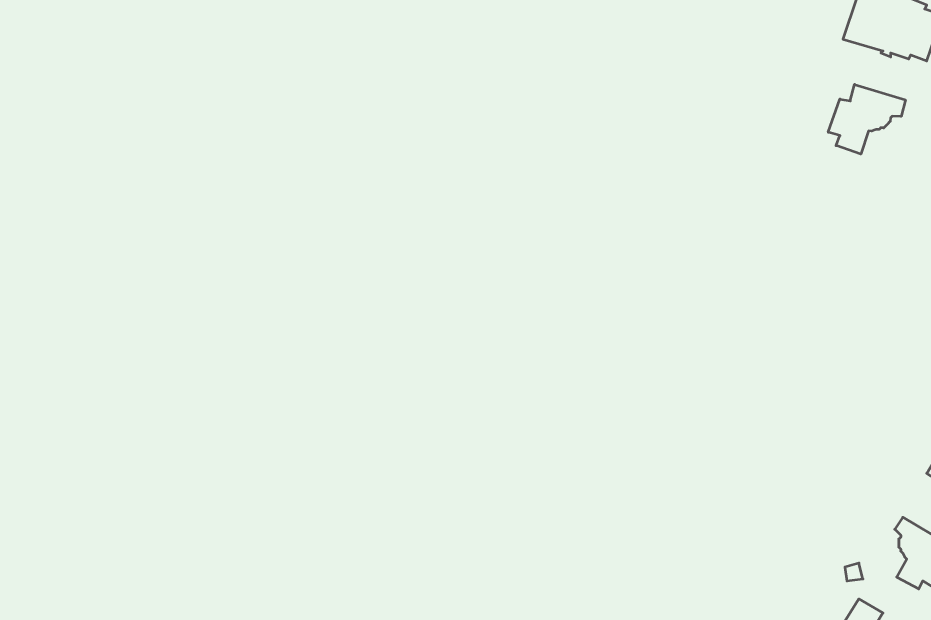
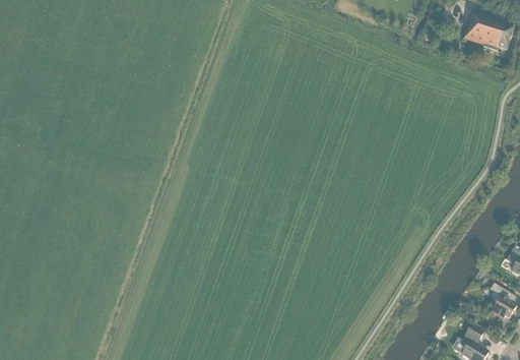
building: [828,84,905,154] -> none

